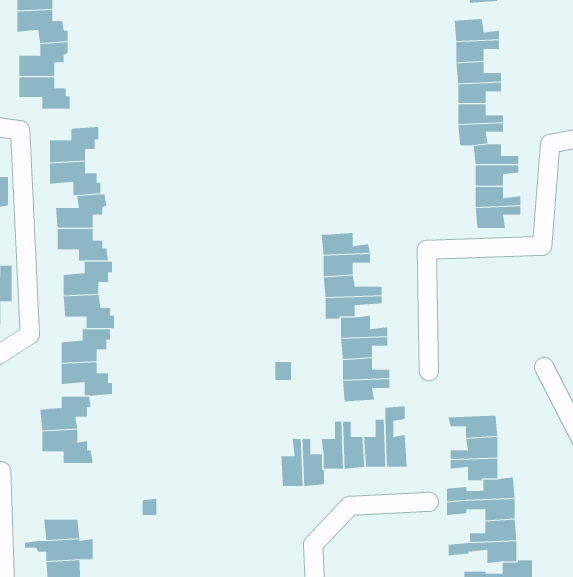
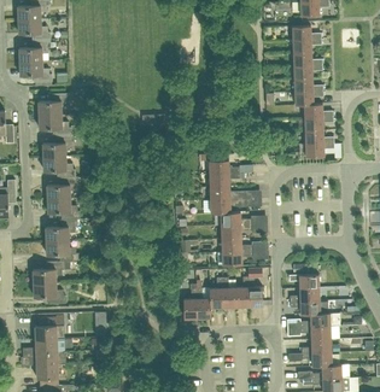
building: none -> [35,316,64,339]

